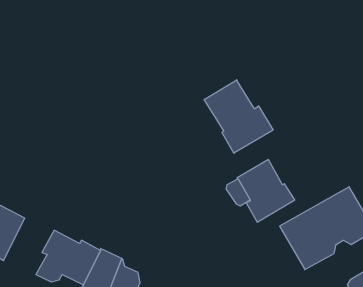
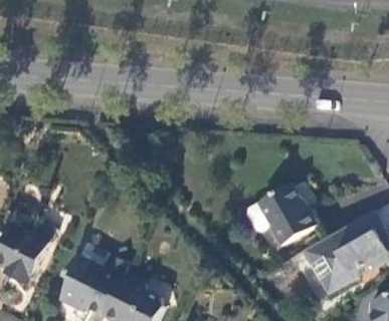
building: [204,80,273,153] -> none

